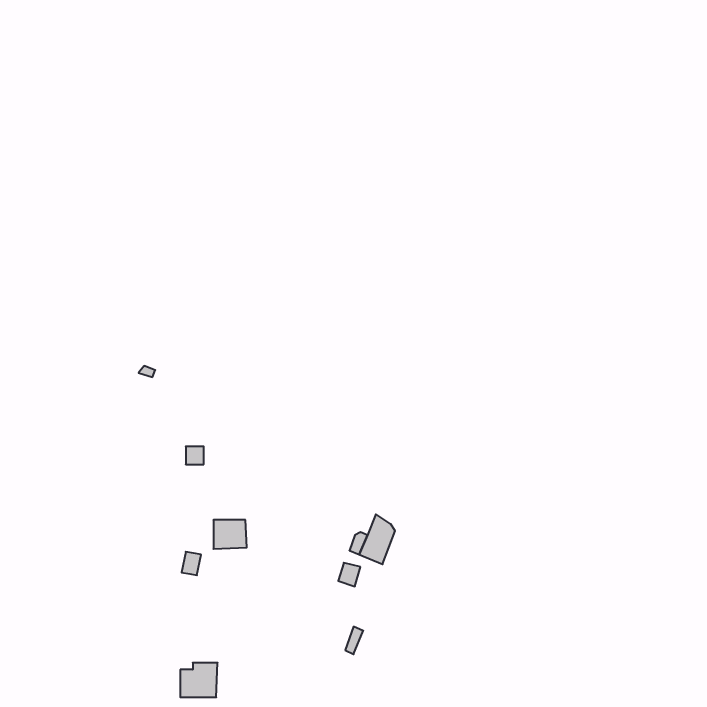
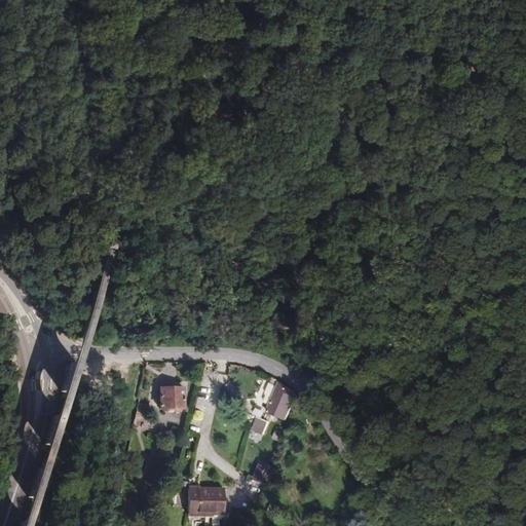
building: [180,663,218,697] -> [190,488,218,514]

